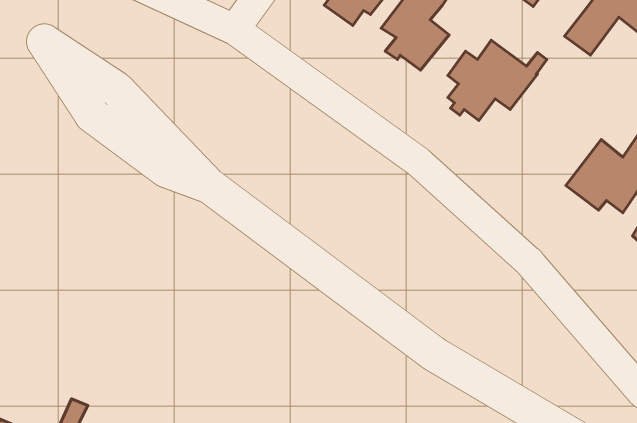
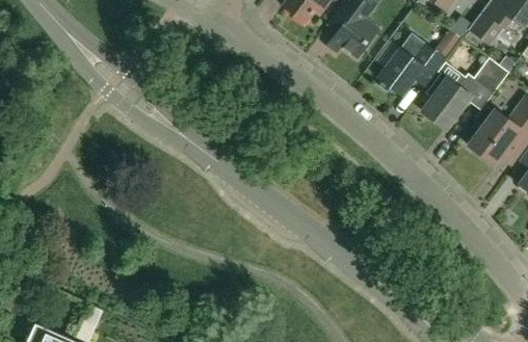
building: none -> [422,57,508,128]

